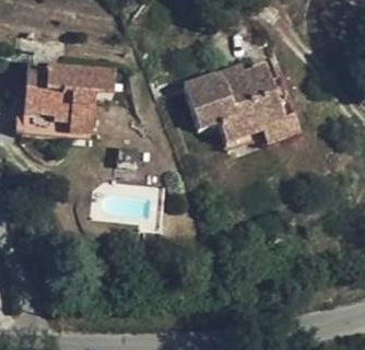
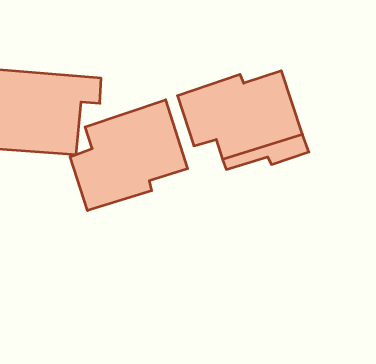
building: none -> [70,100,188,211]

